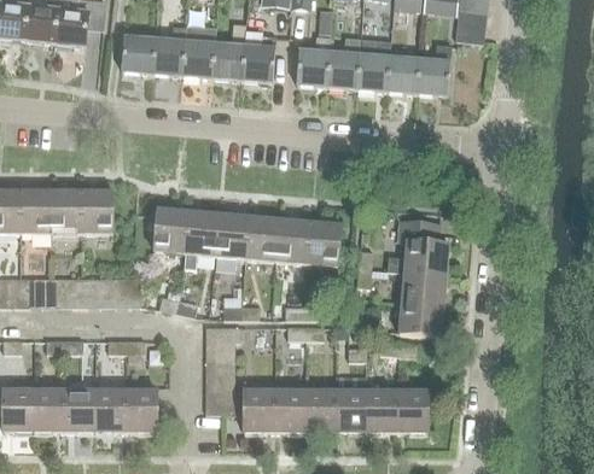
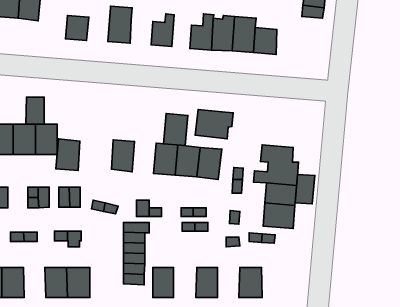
building: [214,23,245,78] -> none
building: [152,25,186,74] -> none
building: [418,41,450,93] -> none
building: none -> [26,97,44,124]
building: none -> [195,110,233,139]
building: [156,207,190,252] -> [56,139,80,171]
building: [216,213,250,258] -> [164,114,188,146]
building: none -> [295,174,315,204]
building: [64,390,95,432] -> none
building: [274,390,307,432] -> none
building: [336,390,367,432] -> none
building: [397,390,429,432] -> none

